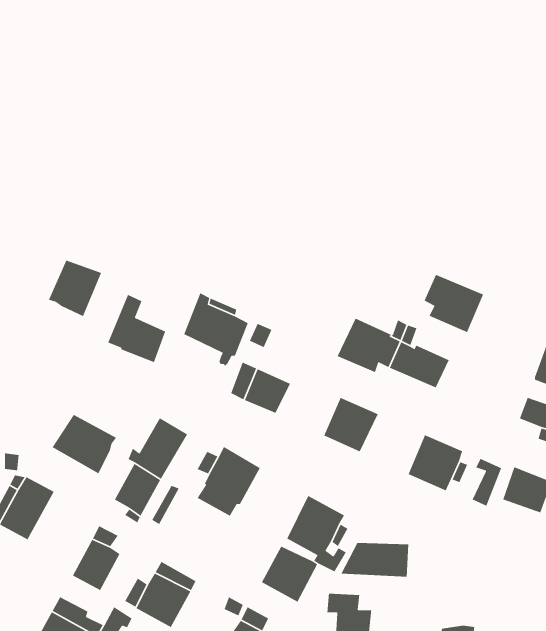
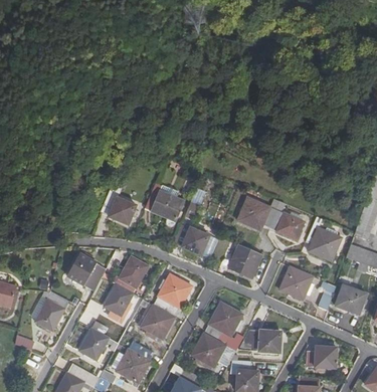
building: [48,260,102,317] -> none
building: [424,274,484,333] -> [305,225,341,260]
building: none -> [140,305,174,339]
building: none -> [307,346,336,368]

